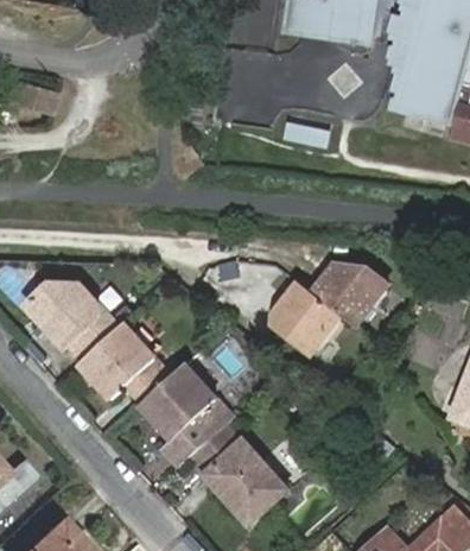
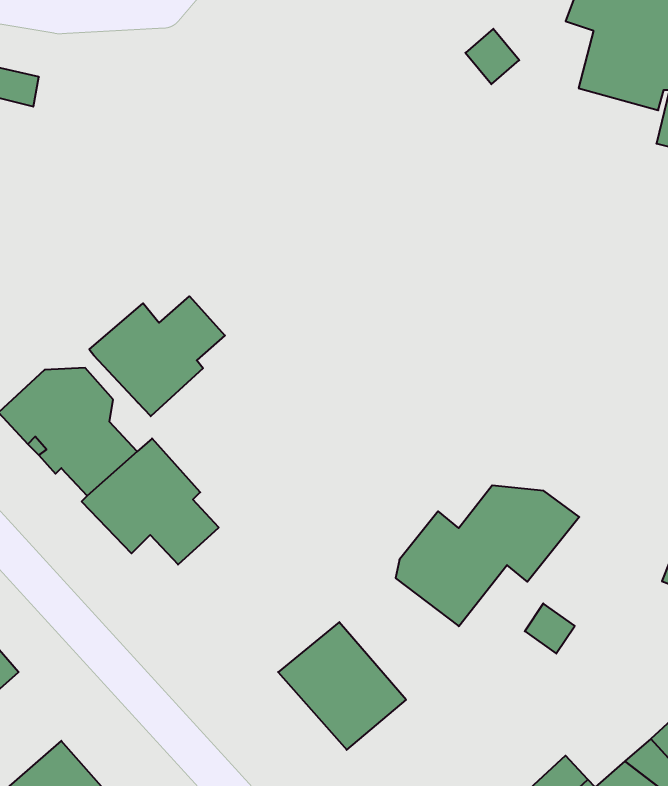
building: none -> [89,296,225,416]
building: [271,265,388,355] -> [396,485,579,626]
building: [140,366,233,470] -> none

